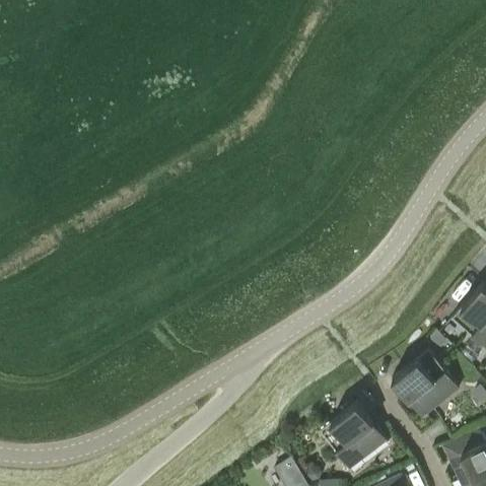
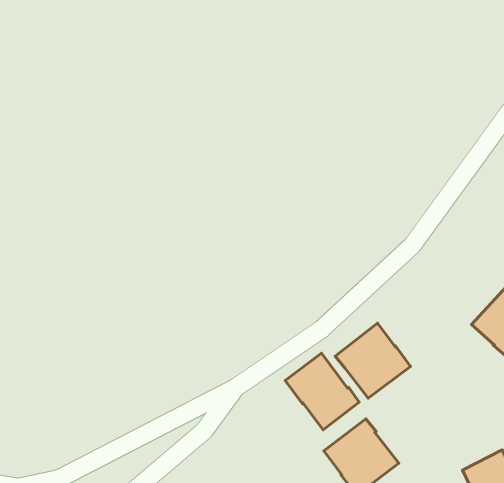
building: none -> [285,353,359,430]
building: [393,351,460,418] -> [335,323,410,398]

